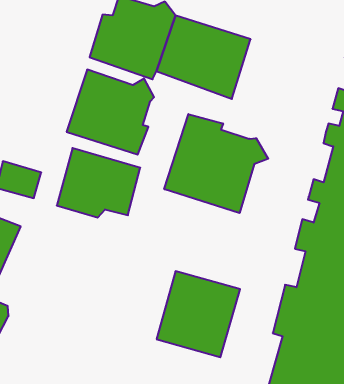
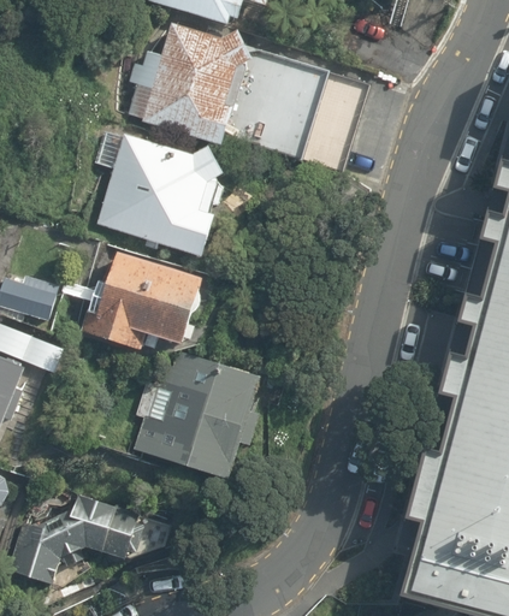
building: [164,114,268,213] -> none
building: [157,271,240,357] -> [138,350,261,476]
building: none -> [17,500,149,587]

